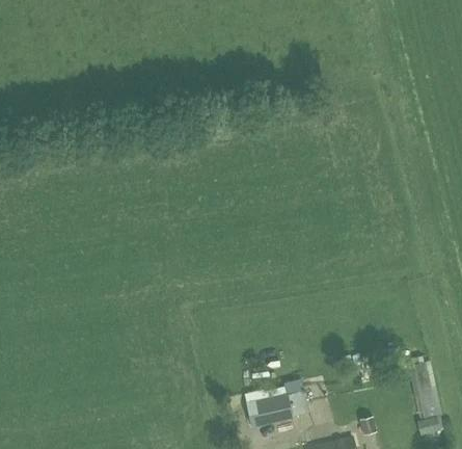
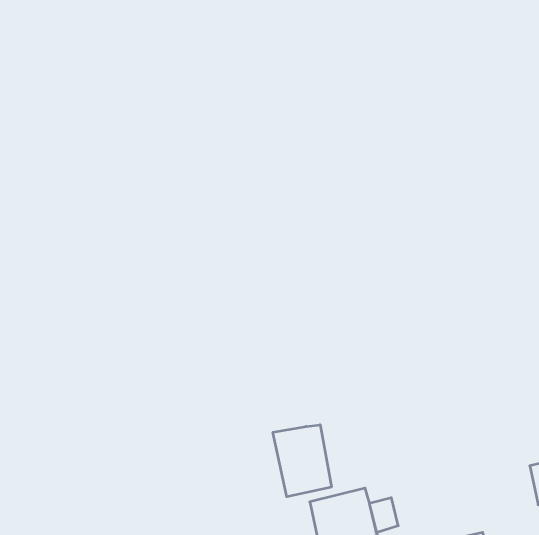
building: none -> [273,425,331,497]

